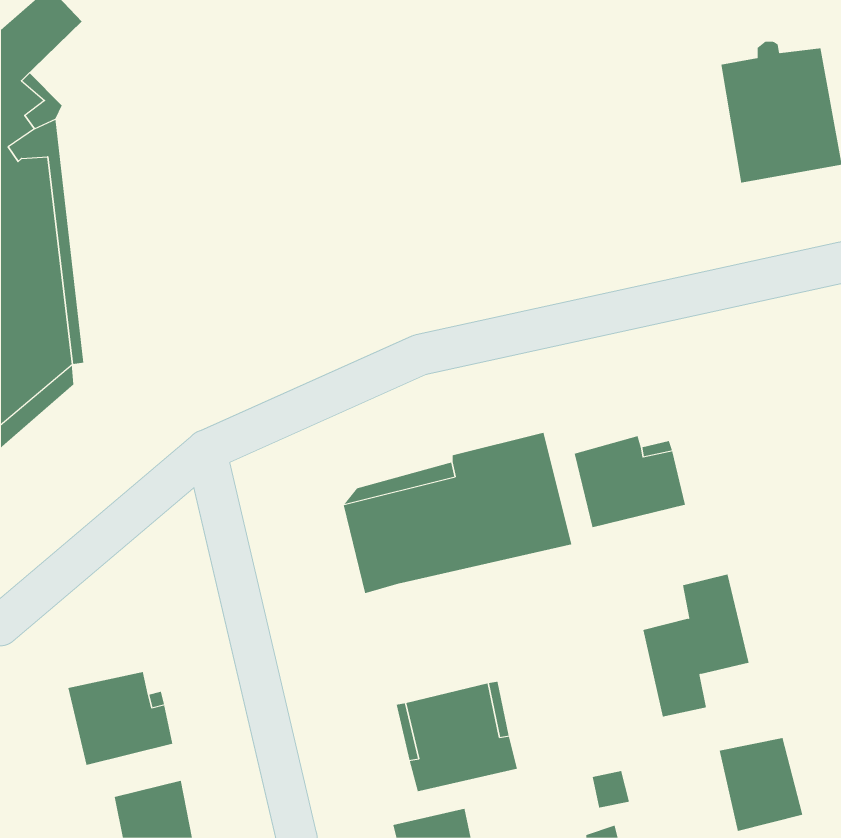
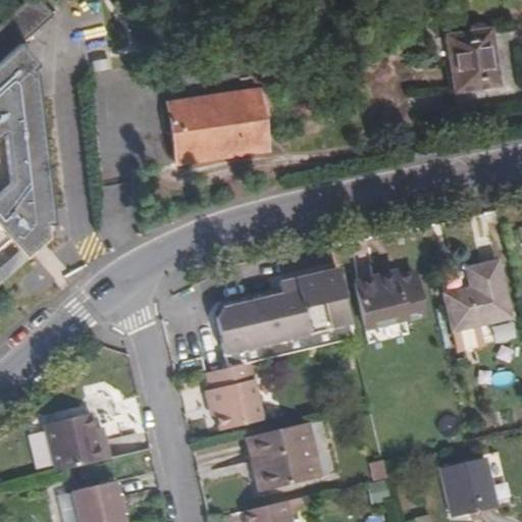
building: none -> [168,89,270,163]
building: [642,574,750,717] -> [442,257,509,346]
building: none -> [203,361,261,429]

